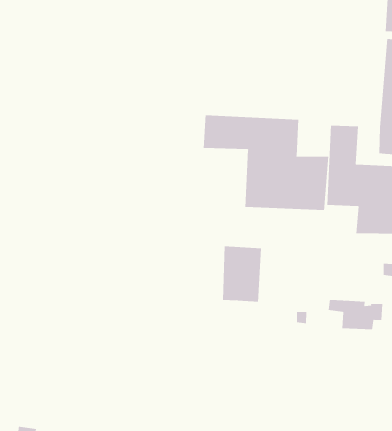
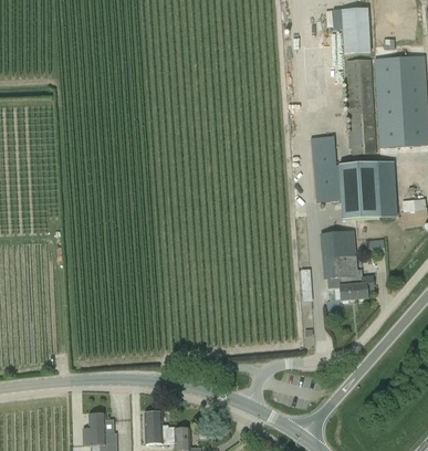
building: [203,115,329,211] -> none
building: [222,246,262,302] -> [323,231,357,277]

